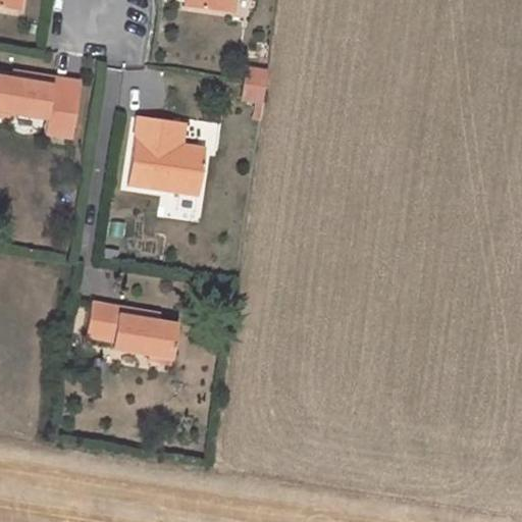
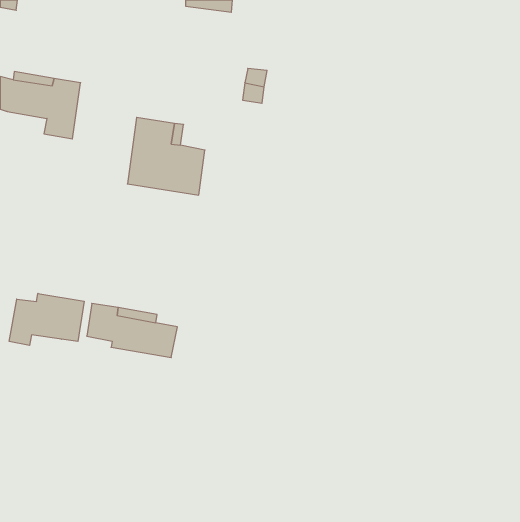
building: none -> [9,293,84,345]

